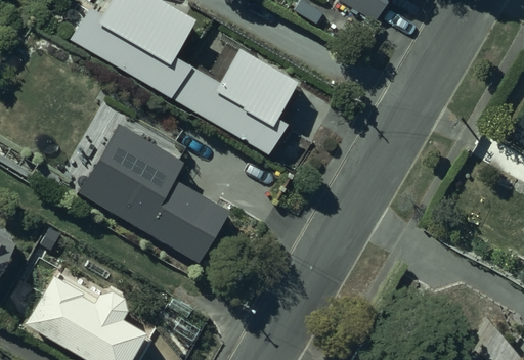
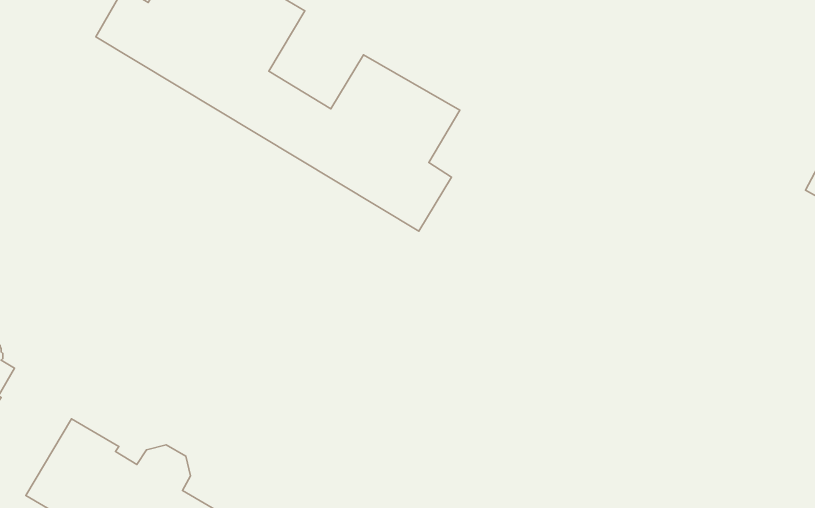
building: [78,124,229,262] -> none

